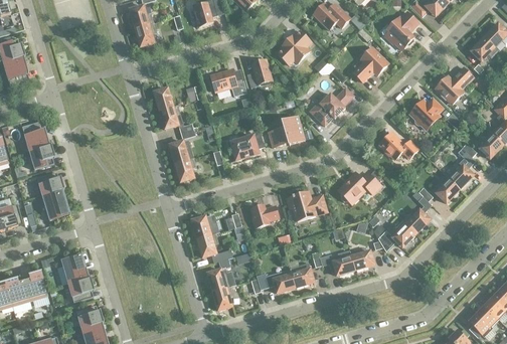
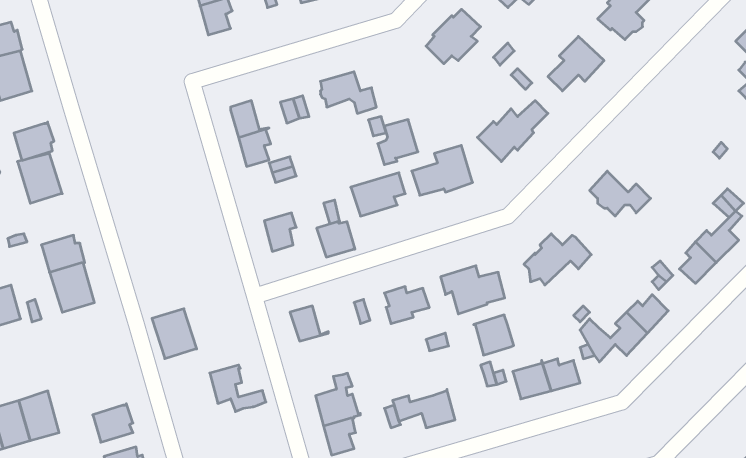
building: [246,59,272,88] -> [378,120,418,165]
building: [435,67,473,104] -> none
building: [409,98,442,129] -> none
building: [169,141,193,163] -> [317,222,355,257]
building: [28,145,53,169] -> [14,122,54,160]
building: [197,233,232,263] -> [210,365,266,412]
building: [59,253,88,285] -> [152,309,197,359]
building: [289,263,314,288] -> [474,315,514,355]

